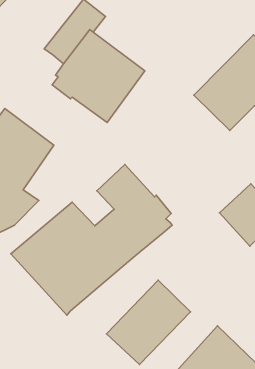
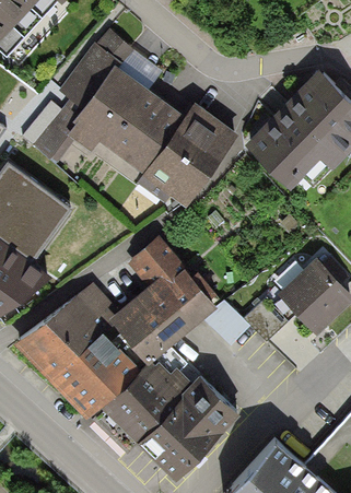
building: none -> [32,97,82,162]
building: none -> [137,103,238,208]
building: none -> [207,300,249,343]
building: none -> [91,348,202,453]

